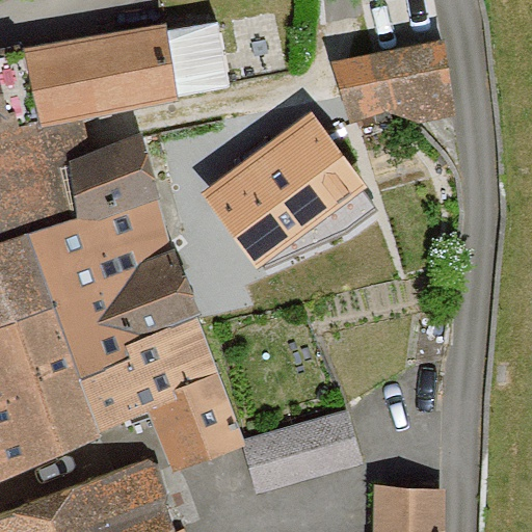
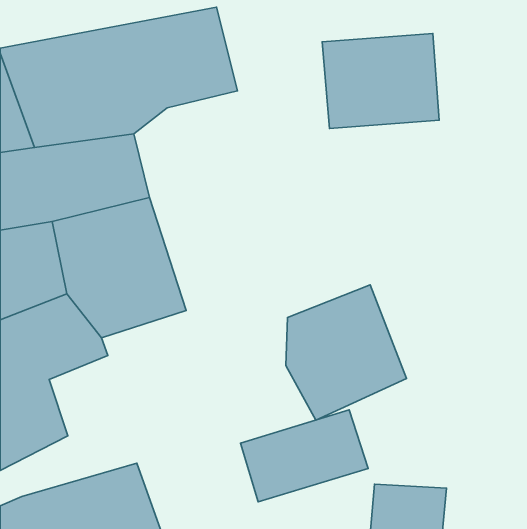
building: [188,114,354,274] -> none
building: none -> [286,285,407,420]
building: [56,314,243,471] -> none

